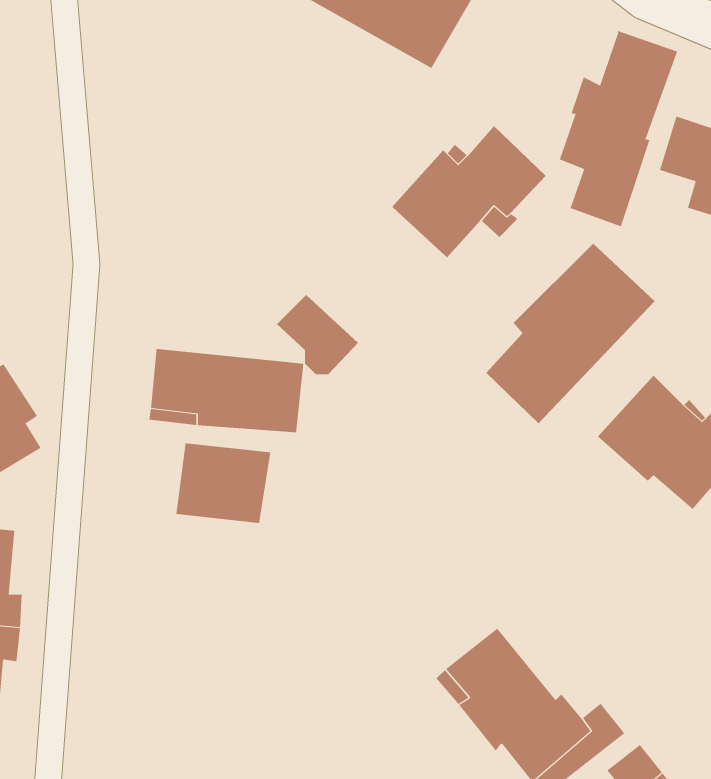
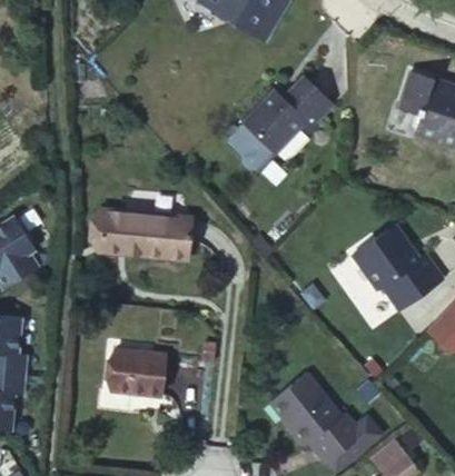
building: [559,30,678,227] -> none
building: [485,243,655,424] -> none
building: [276,294,359,375] -> [225,125,274,172]
building: [175,443,271,524] -> [112,348,169,396]

